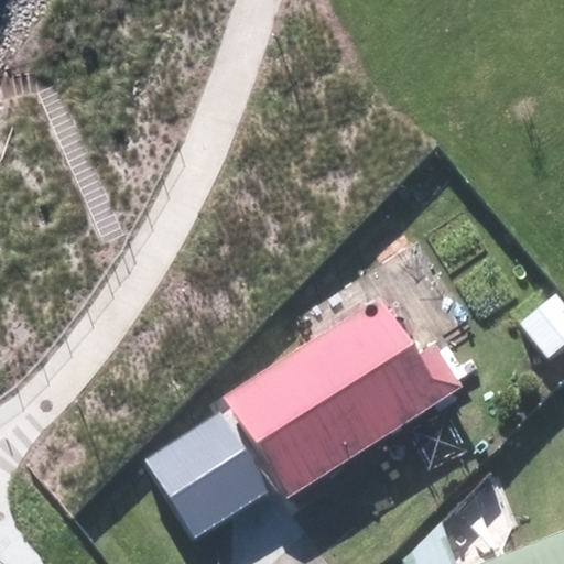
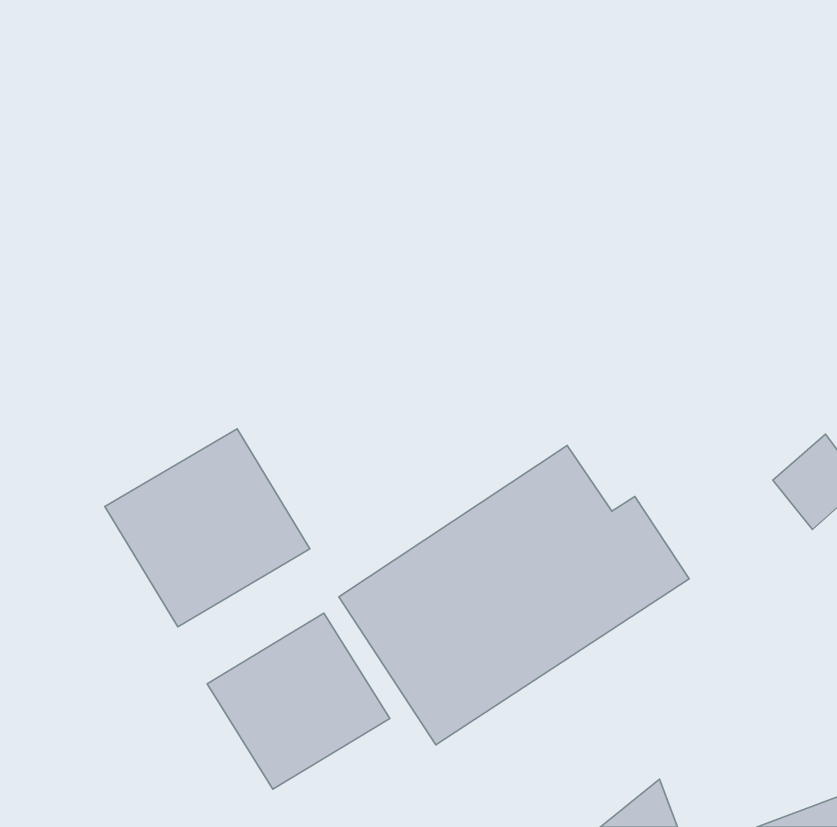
building: none -> [105,429,310,627]

